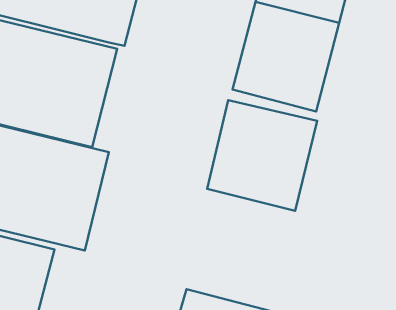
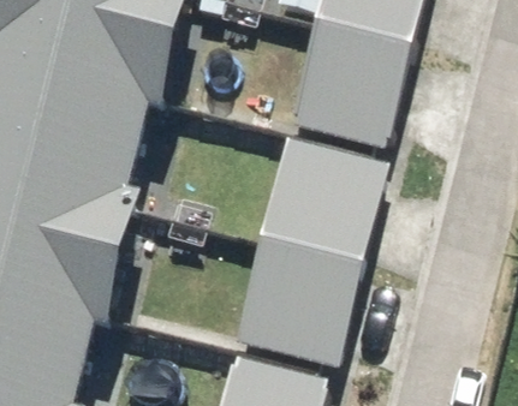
building: none -> [236,240,362,368]

